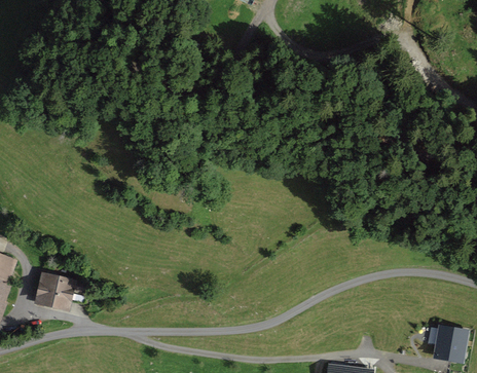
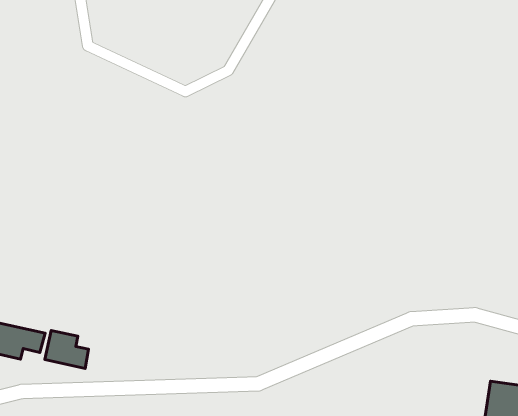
building: none -> [45,331,89,368]

